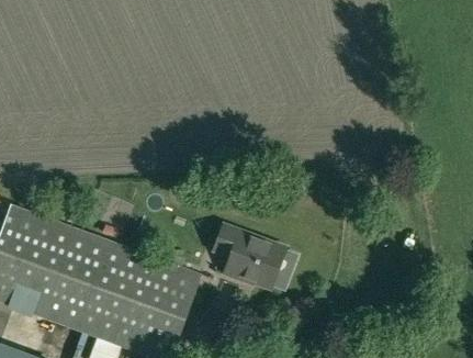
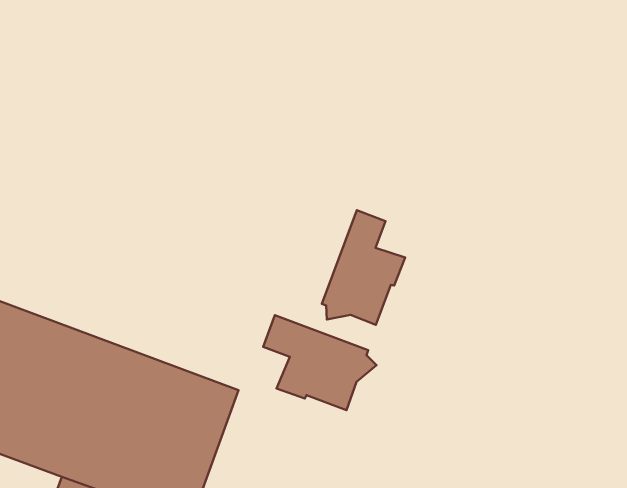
building: none -> [322,210,405,325]

